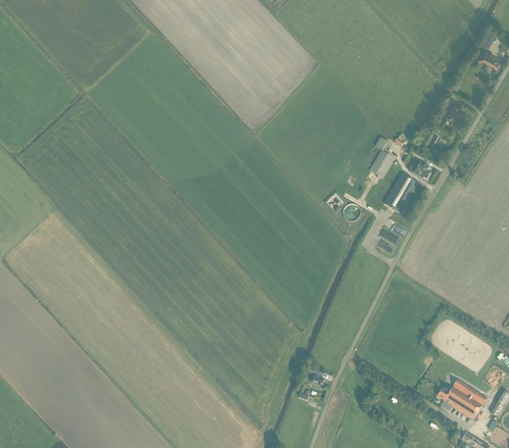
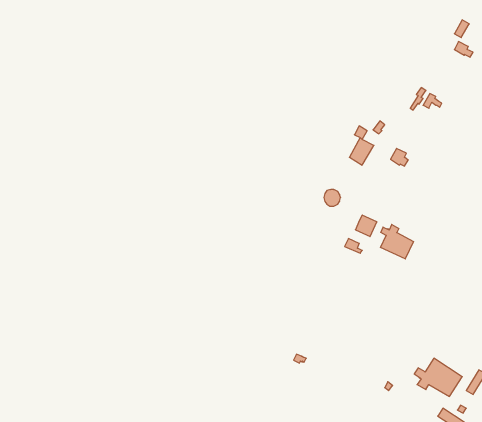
building: [385,175,416,211] -> none
building: none -> [381,224,413,259]

